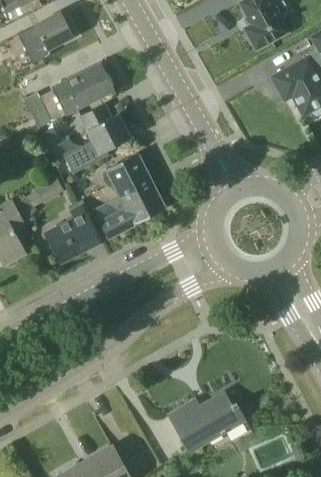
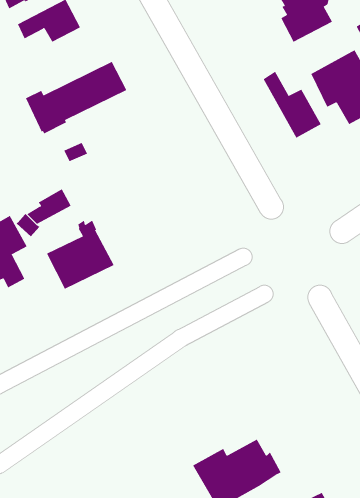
building: none -> [263,71,322,139]
building: [65,104,131,173] -> none
building: [86,153,166,242] -> none

